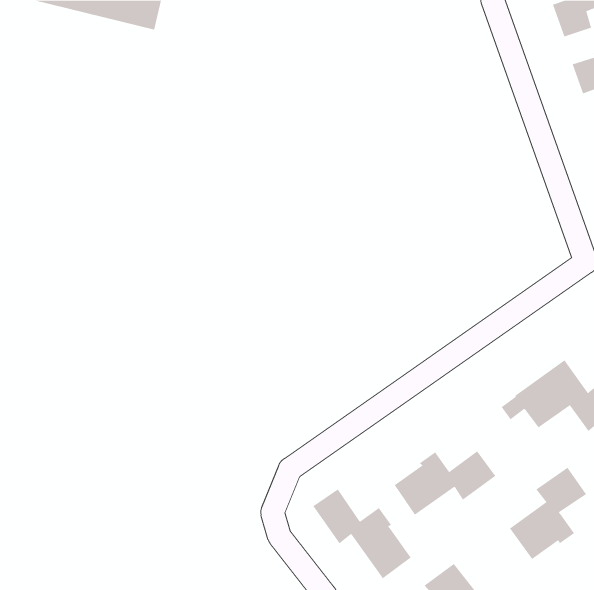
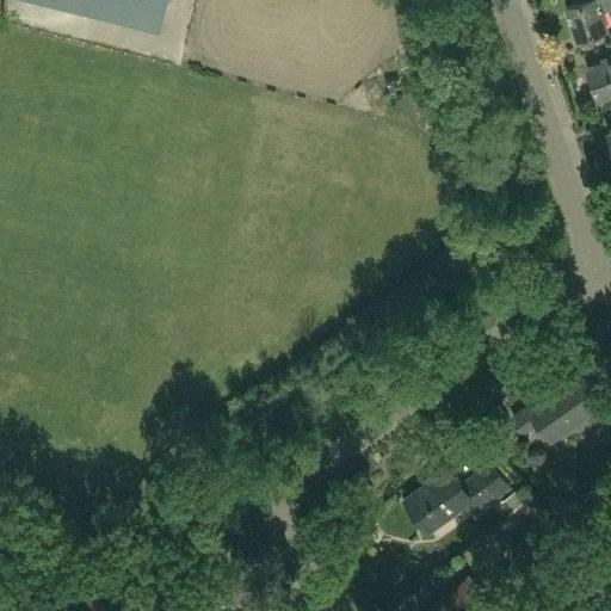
building: [509,467,587,560] -> none
building: [313,488,412,579] -> none

